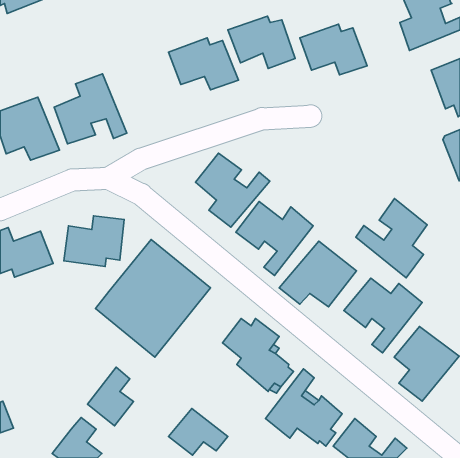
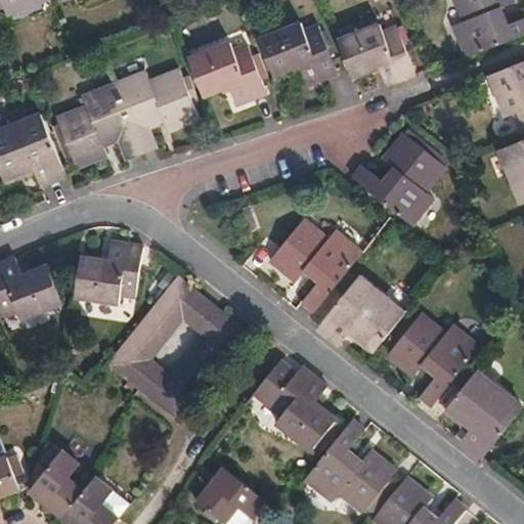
building: none -> [117,72,200,151]
building: [196,153,270,227] -> none
building: [356,199,427,278] -> [354,138,435,228]
building: [87,367,133,426] -> [29,449,81,516]

